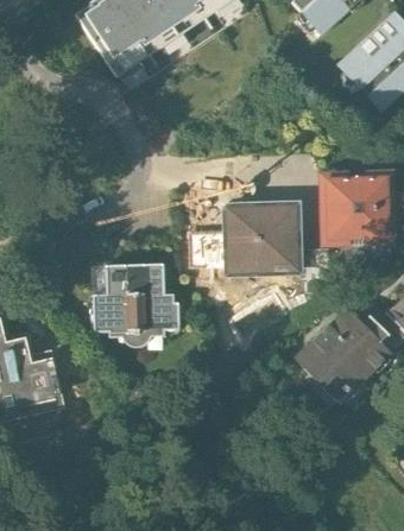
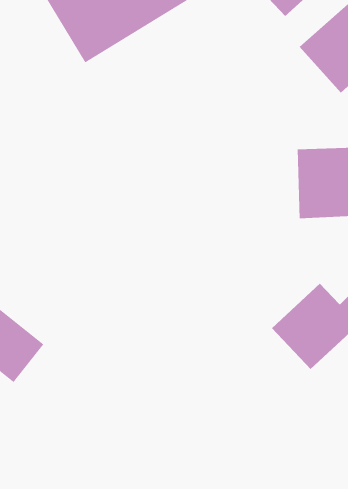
building: [227,203,303,273] -> none
building: [96,263,182,343] -> none

